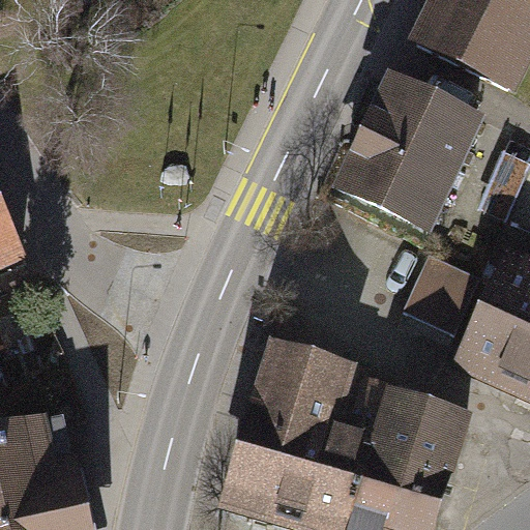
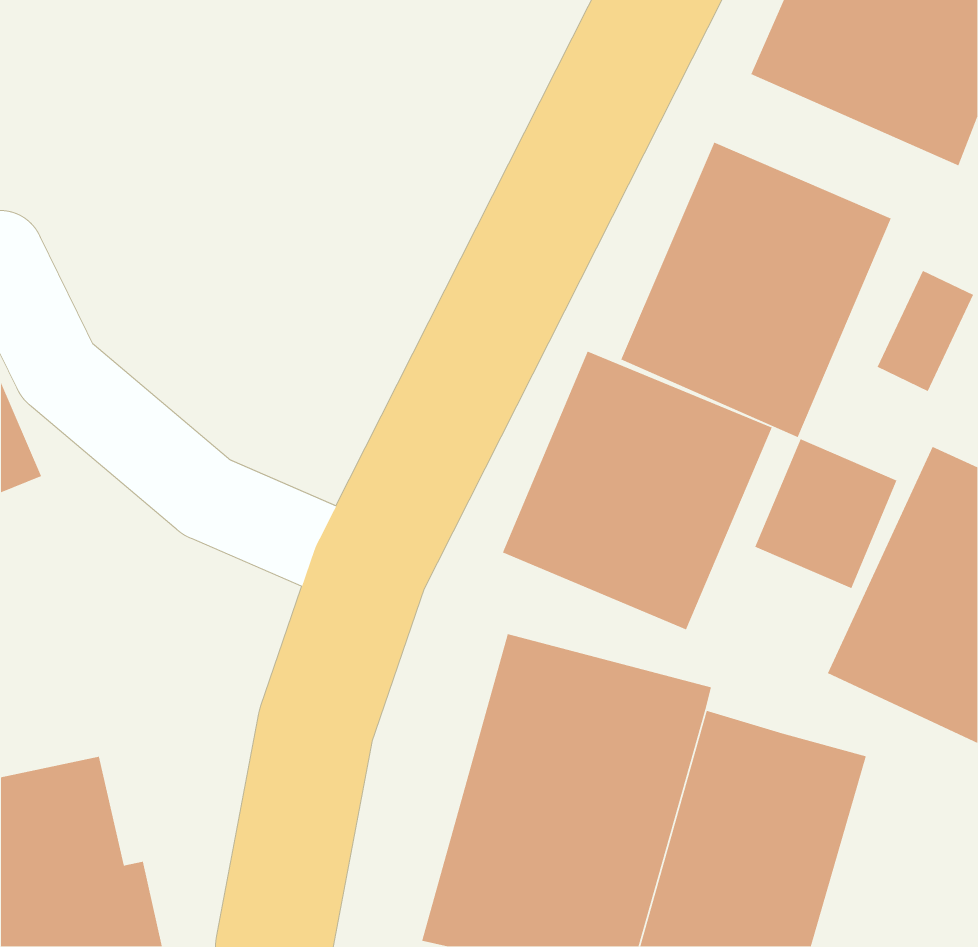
building: none -> [502,351,773,630]

